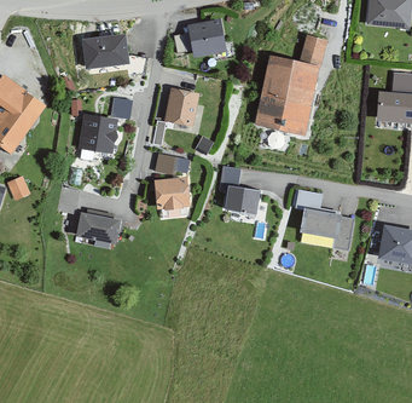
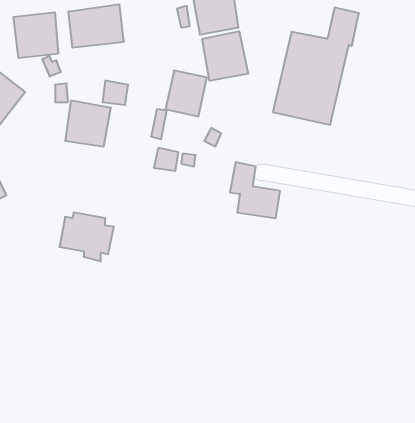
building: none -> [14,12,58,58]
building: none -> [202,31,248,81]
building: [155,178,190,209] -> none
building: [295,190,356,252] -> none

